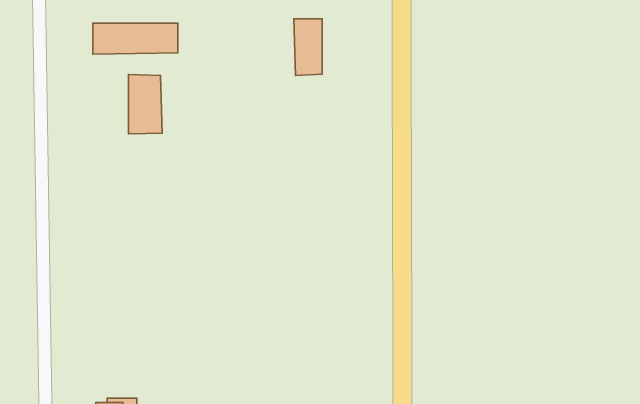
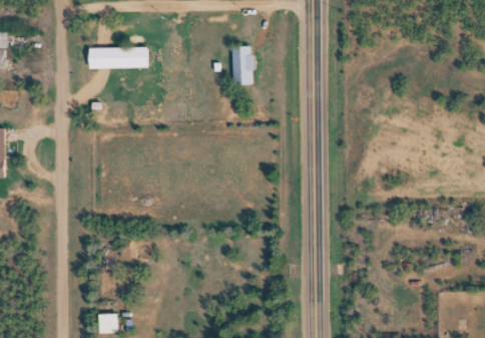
building: [129,75,162,134] -> none

